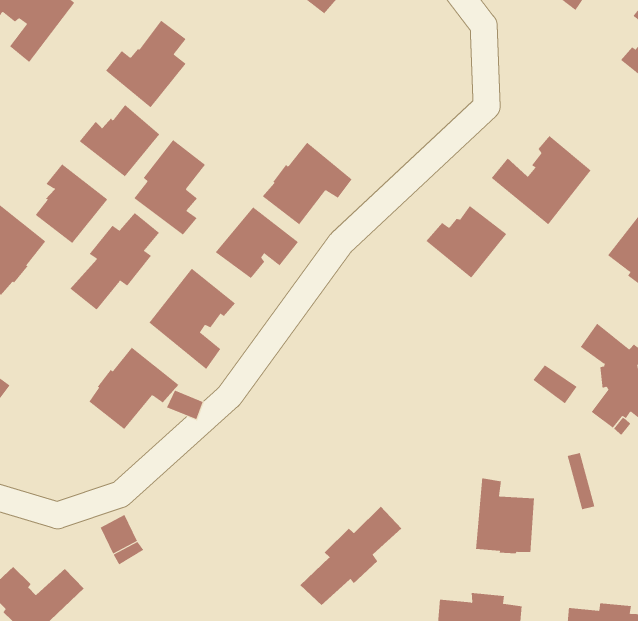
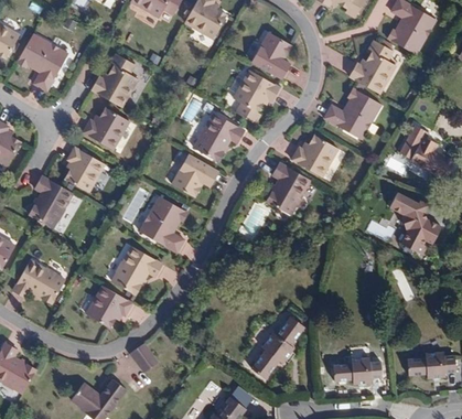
building: none -> [251,32,291,78]
building: none -> [348,41,395,93]
building: none -> [233,69,279,121]
building: [134,139,206,235] -> none
building: [70,212,160,311] -> none
building: none -> [266,162,310,214]
building: none -> [86,286,132,327]
building: [475,478,534,554] -> none

